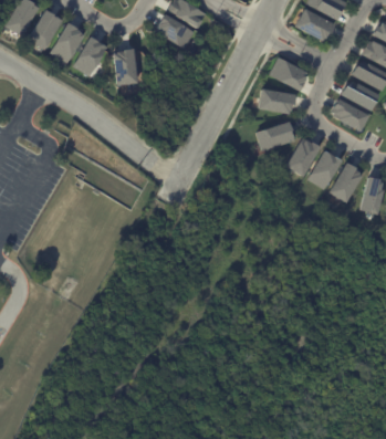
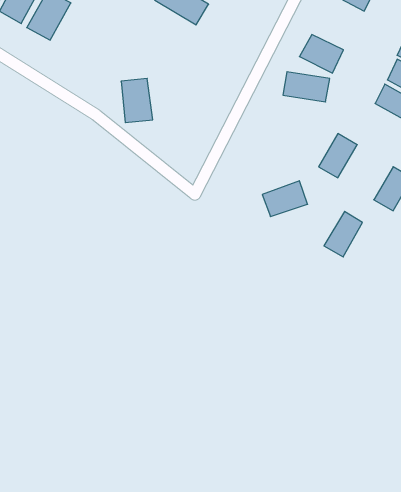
building: [74,38,106,75] -> none
building: [114,50,139,85] -> [121,78,153,123]
building: [257,122,293,150] -> [262,181,308,217]
building: [309,151,340,188] -> [324,211,362,257]

